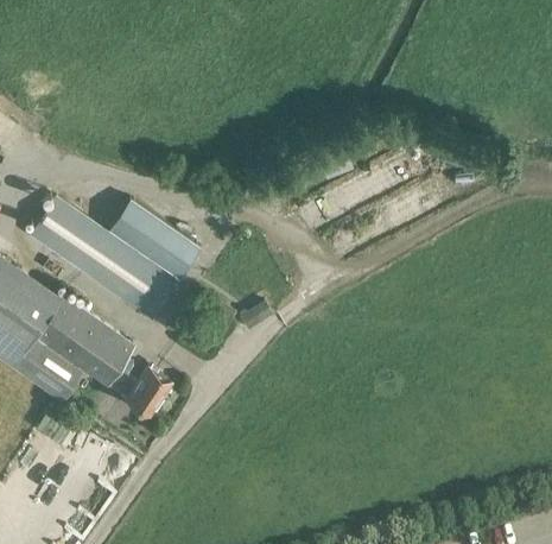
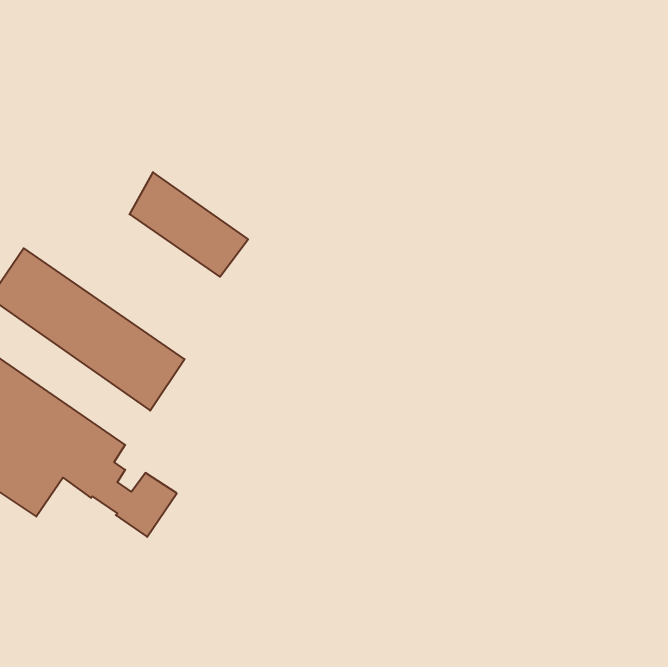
building: [109,196,199,276] -> [129,172,248,277]

